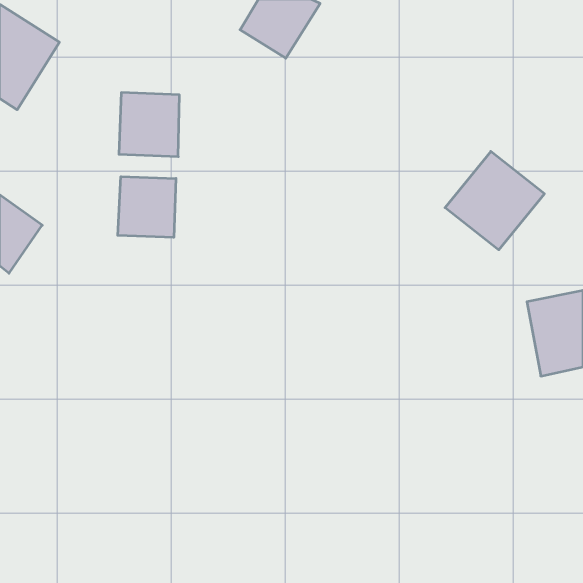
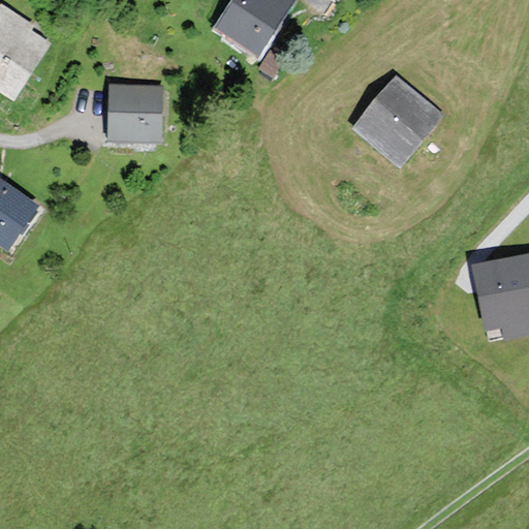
building: [445,151,544,250] -> [353,75,443,164]
building: [118,177,176,237] -> none

